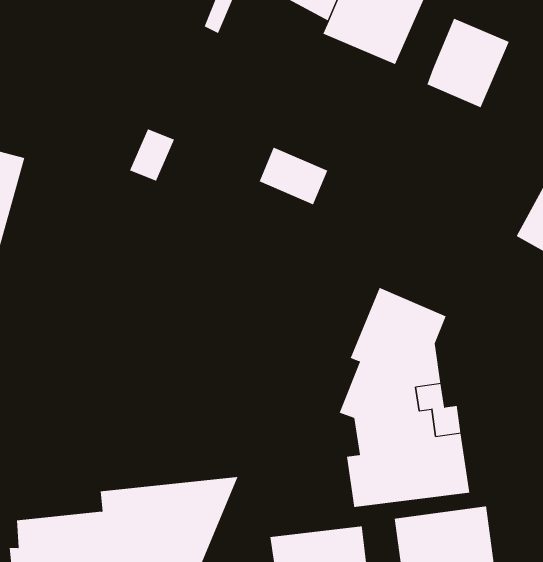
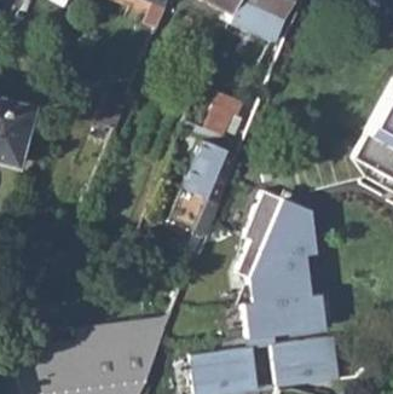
building: [427,18,509,108] -> none
building: none -> [171,143,239,236]

